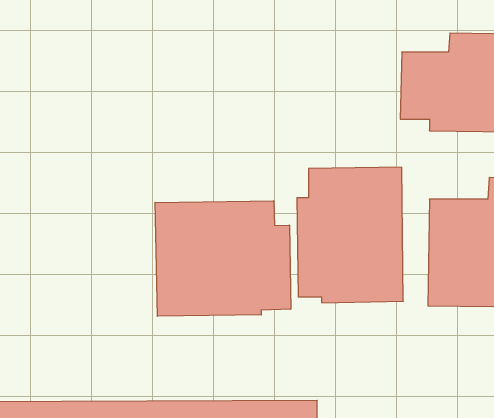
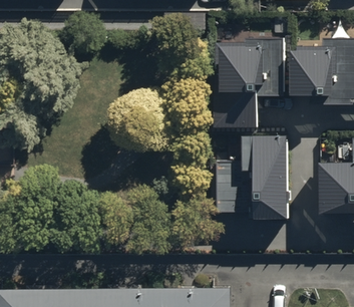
building: none -> [213,35,281,126]
building: [155,201,291,316] -> none

